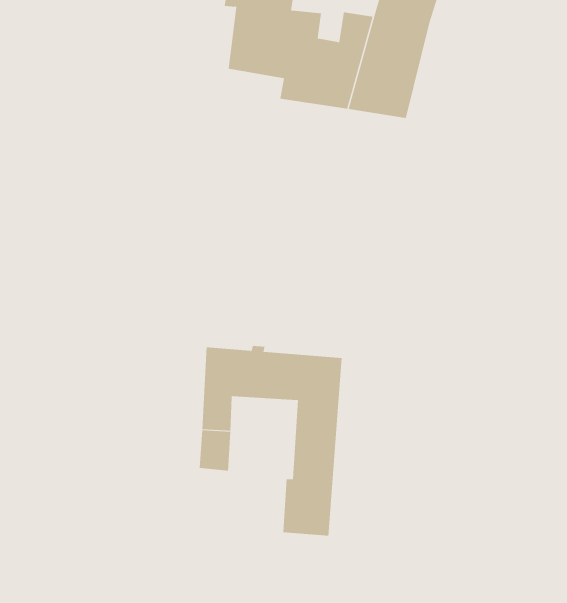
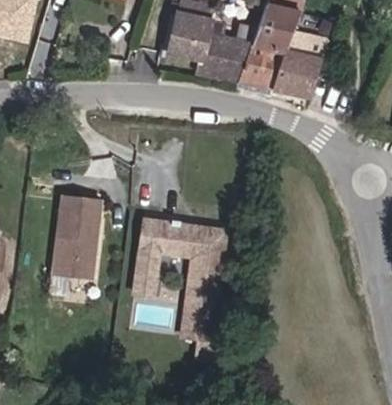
building: none -> [273,32,329,97]
building: none -> [51,195,100,278]

